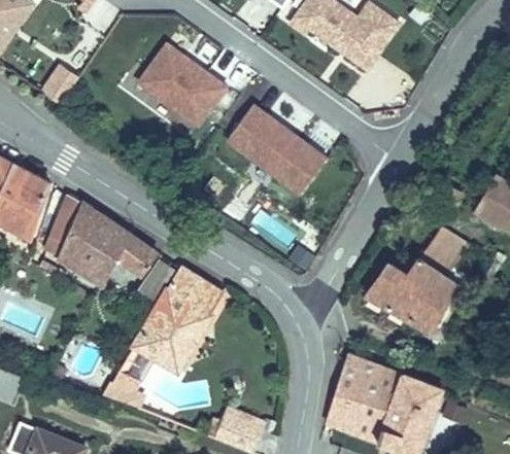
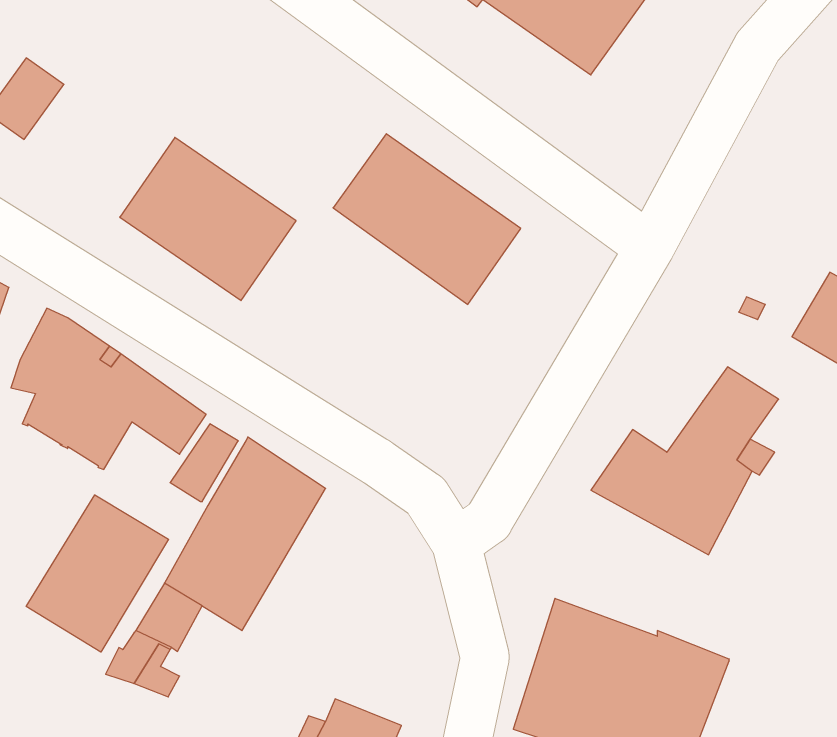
building: [132,38,228,127] -> [120,137,296,301]
building: none -> [26,495,169,652]

